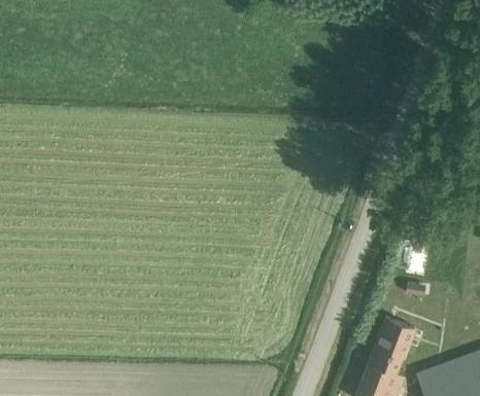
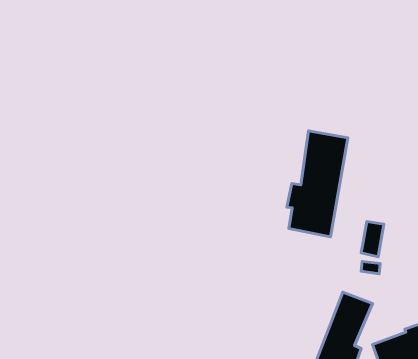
building: none -> [287,131,348,237]

